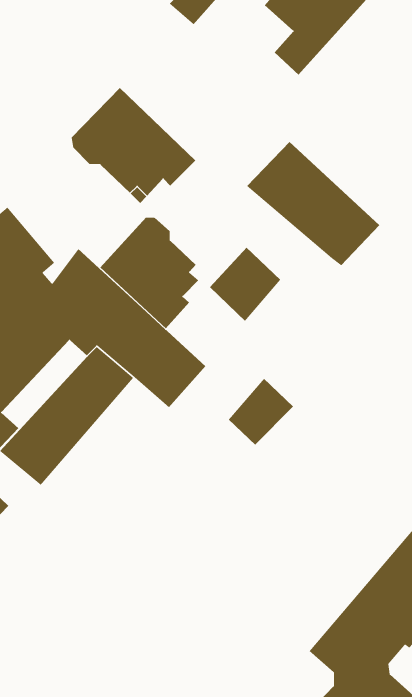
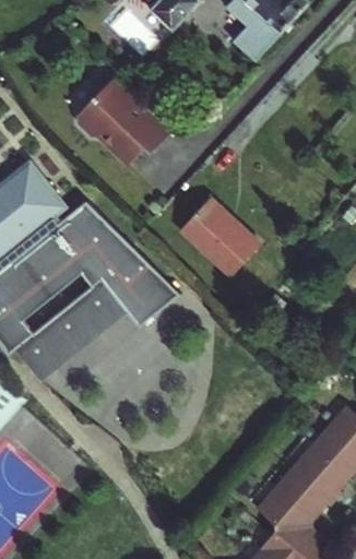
building: [246,141,380,266] -> none
building: [99,217,199,329] -> none
building: [228,378,294,445] -> [207,224,258,275]

